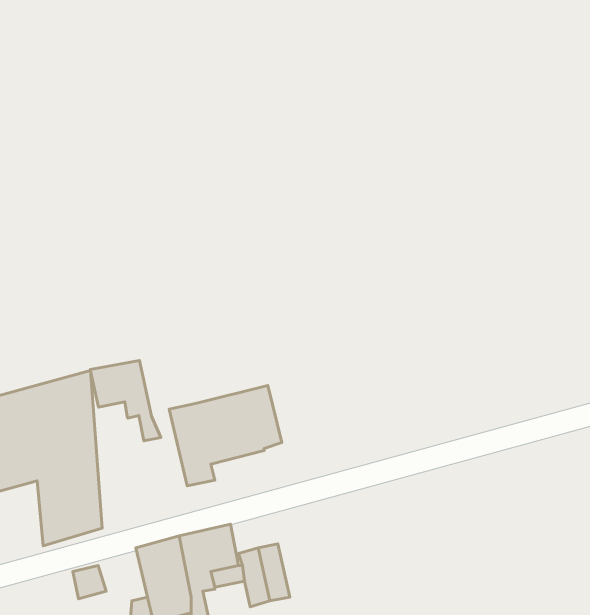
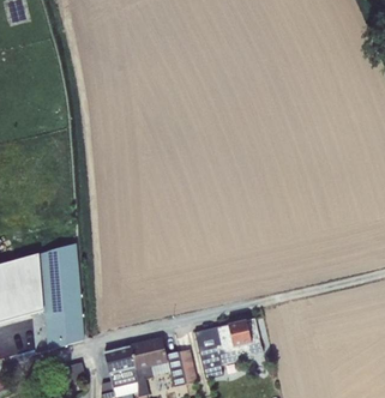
building: [90,360,161,441] -> none
building: [169,385,282,486] -> [193,316,261,378]

